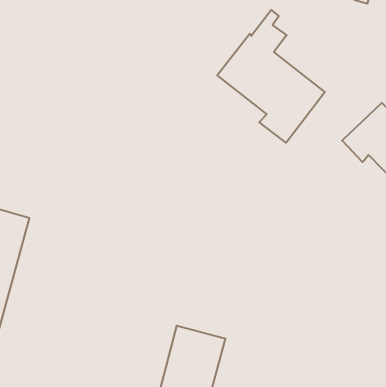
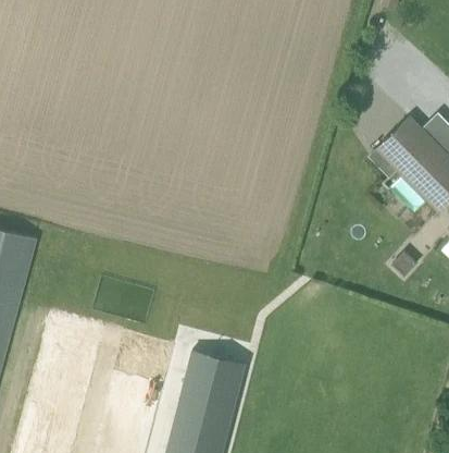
building: [217,10,325,143] -> none

